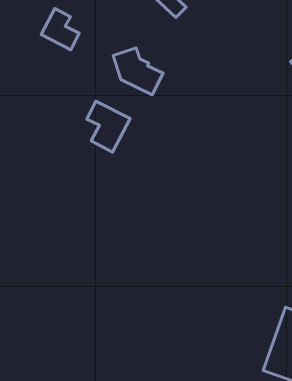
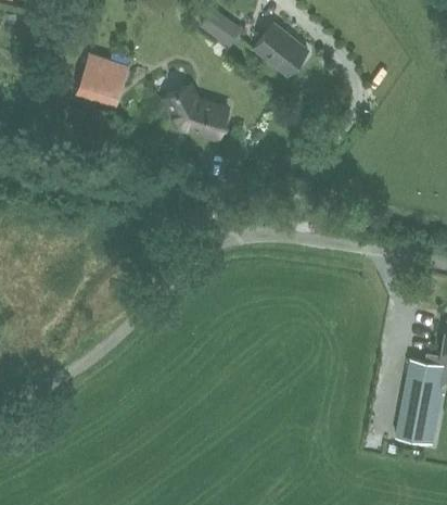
building: none -> [255,24,308,75]
building: [87,101,130,152] -> none

